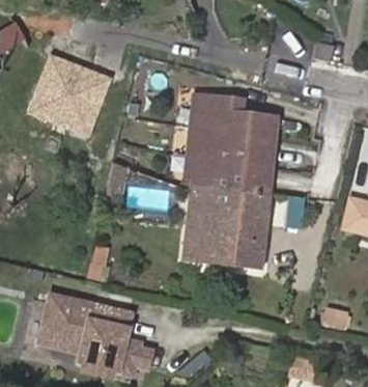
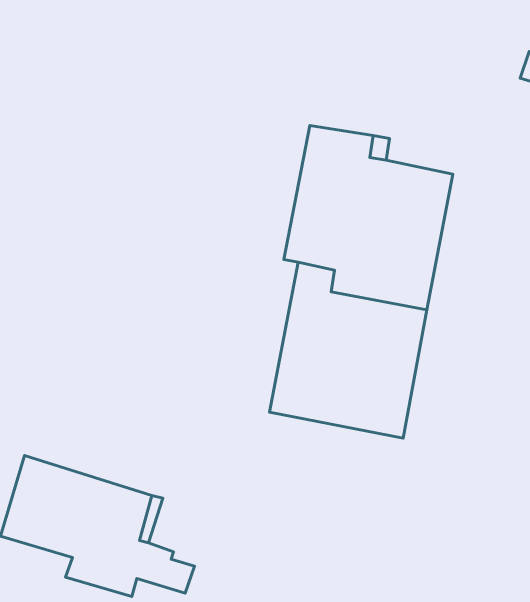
building: [27,50,116,134] -> none

